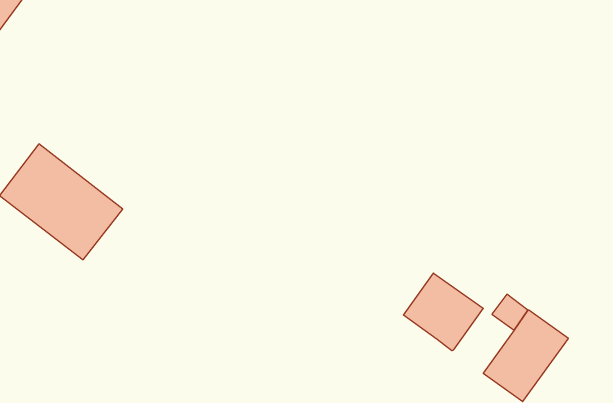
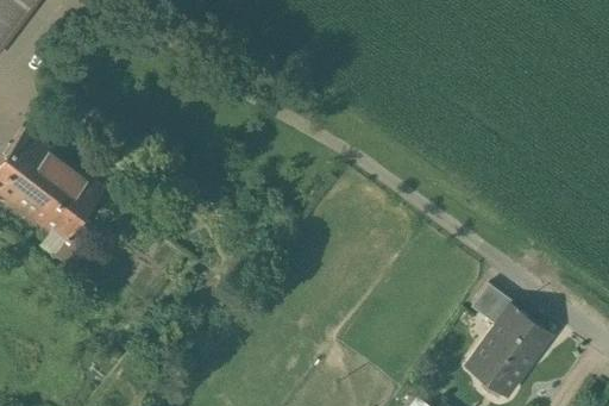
building: [403,273,483,351] -> none

